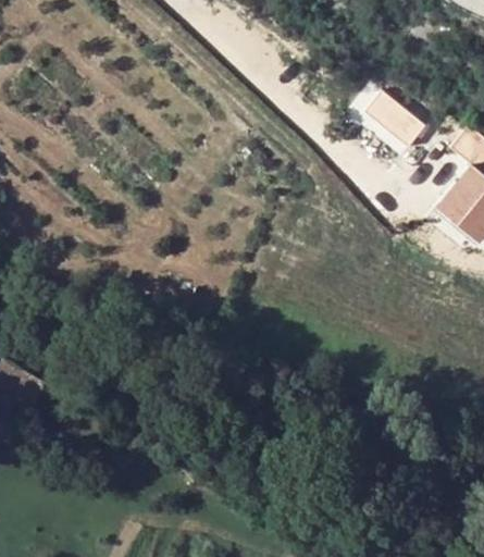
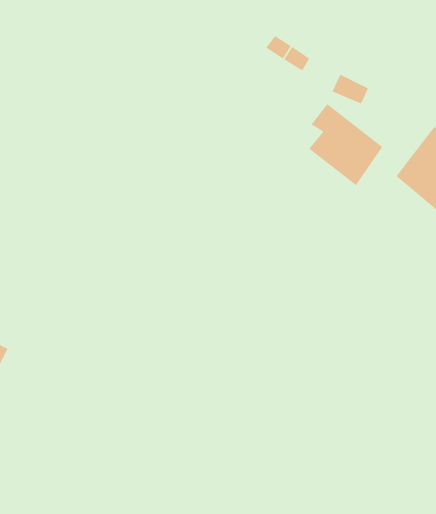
building: none -> [308,103,383,186]

